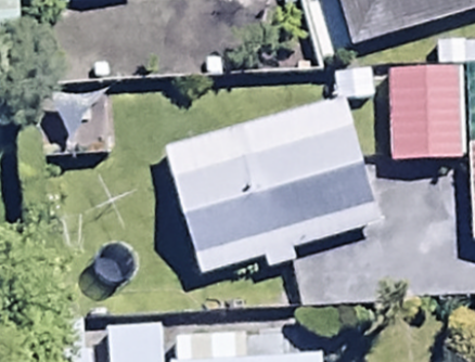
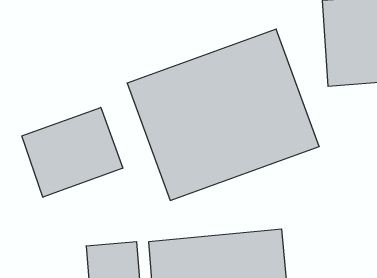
building: none -> [22,107,123,197]

